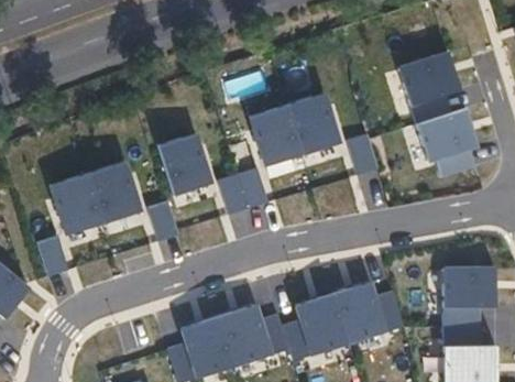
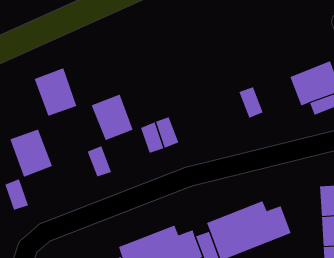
building: [398,50,464,106] -> none
building: [249,94,338,166] -> none
building: [87,160,141,221] -> [34,68,77,116]

